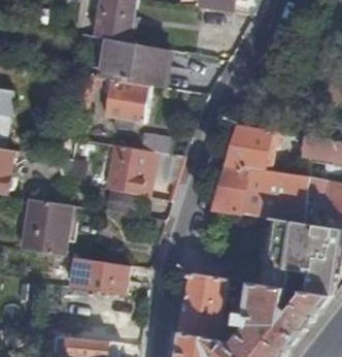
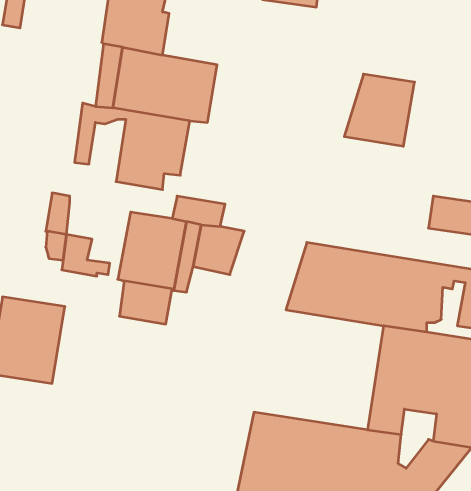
building: [226,124,271,170] -> [344,74,415,146]
building: [71,257,130,295] -> none

